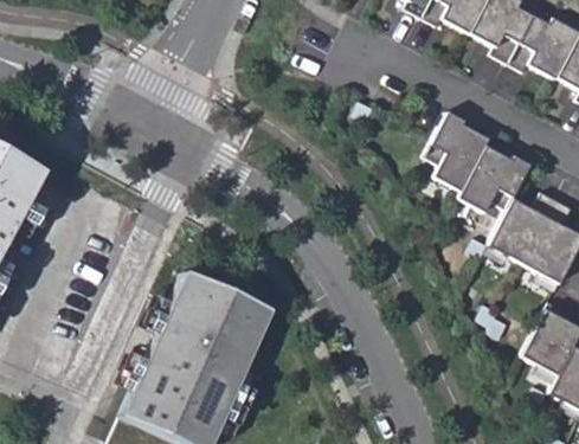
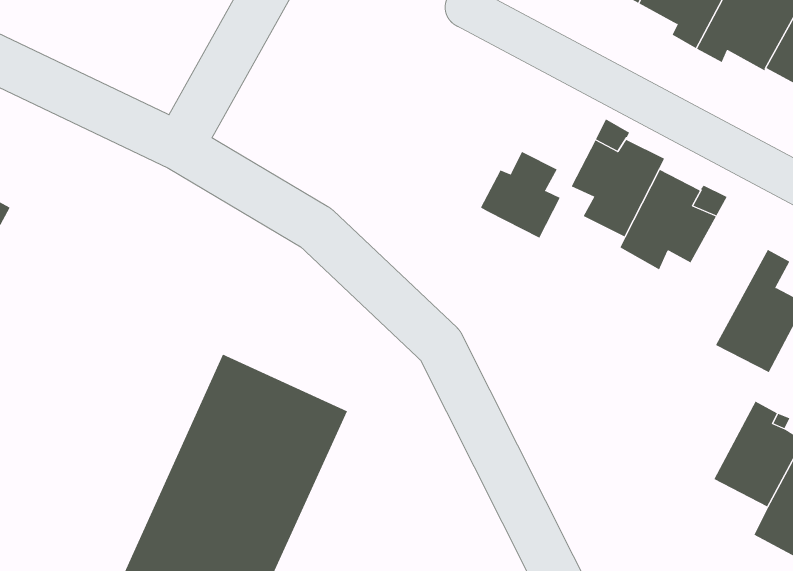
building: none -> [480,151,561,238]
building: [489,193,560,266] -> none

